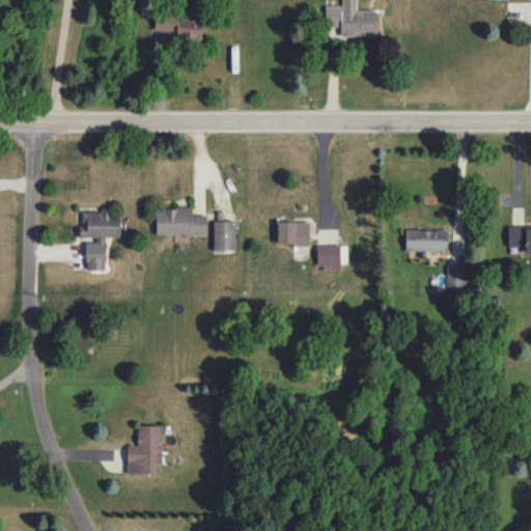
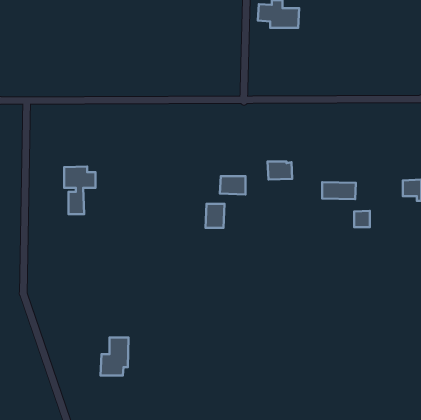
building: [155,15,202,43] -> none
building: [156,209,206,235] -> none
building: [213,222,236,252] -> [206,204,224,228]
building: [316,246,347,269] -> [268,161,292,180]

